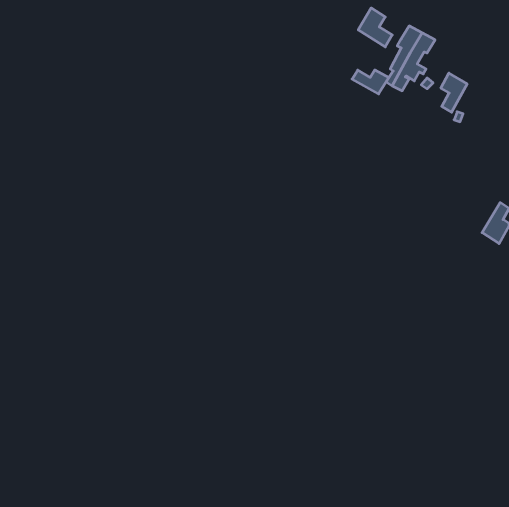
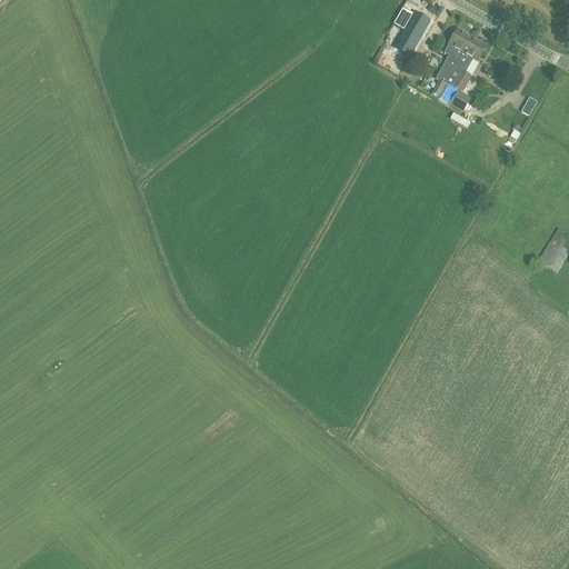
building: [352,70,389,94] -> none
building: [441,73,467,112] -> none

